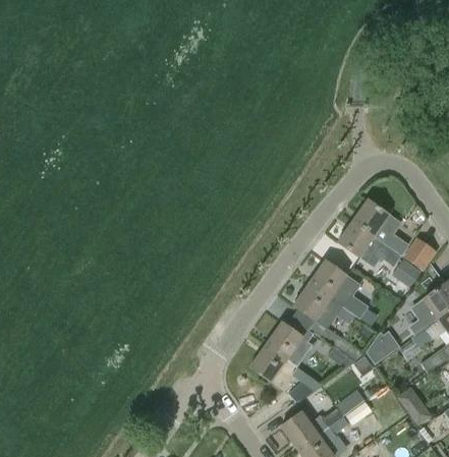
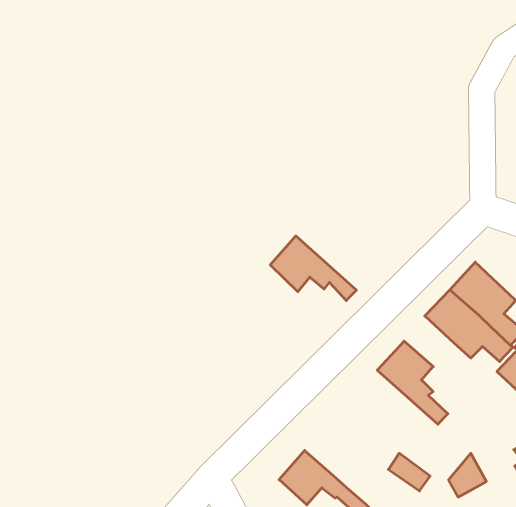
building: [294,283,356,324] -> [270,236,356,301]
building: [266,322,314,367] -> none

